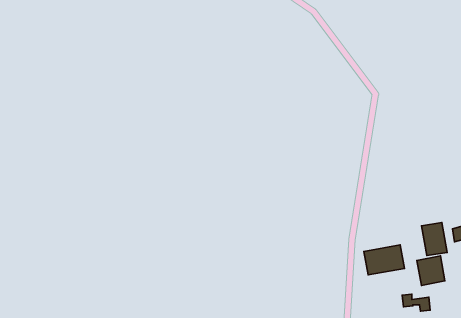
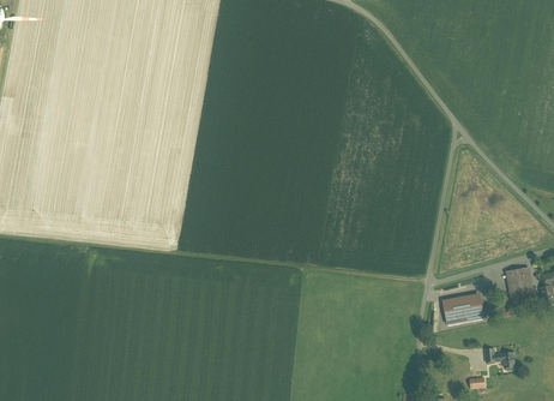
building: [417,256,445,285] -> none

